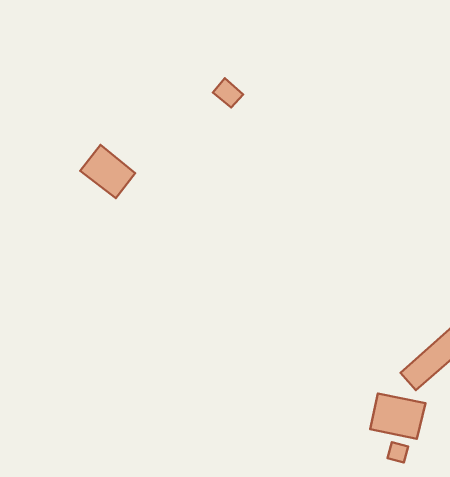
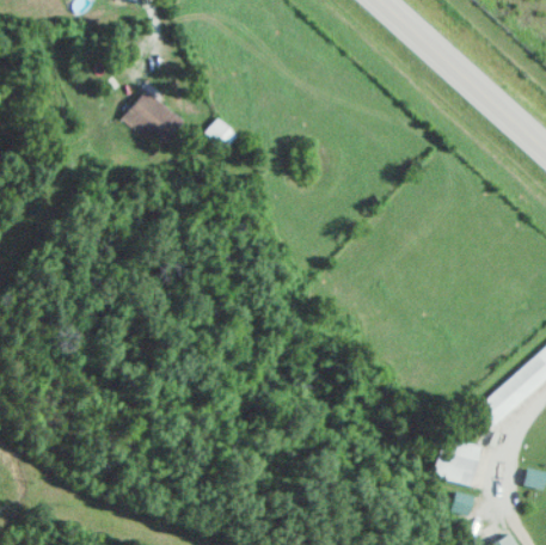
building: [213,78,243,107] -> [203,117,237,149]
building: [80,145,135,198] -> [123,91,184,149]

